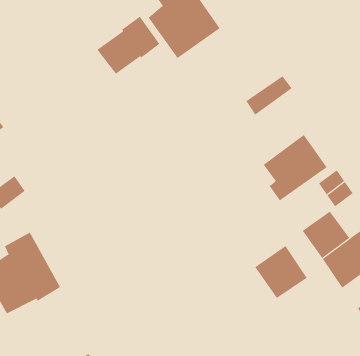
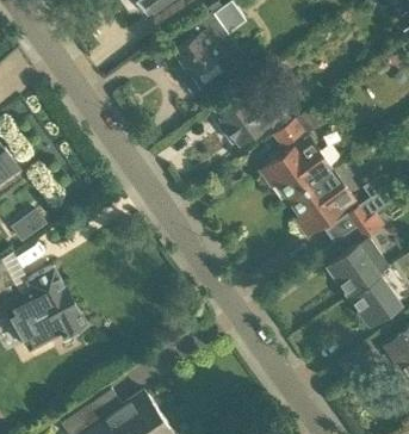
building: [97,16,160,75] -> [221,86,285,145]
building: none -> [261,140,331,202]
building: [254,245,308,299] -> none

